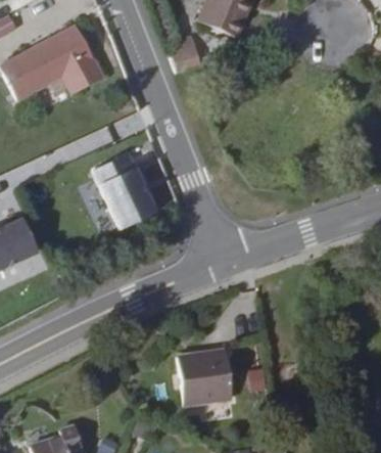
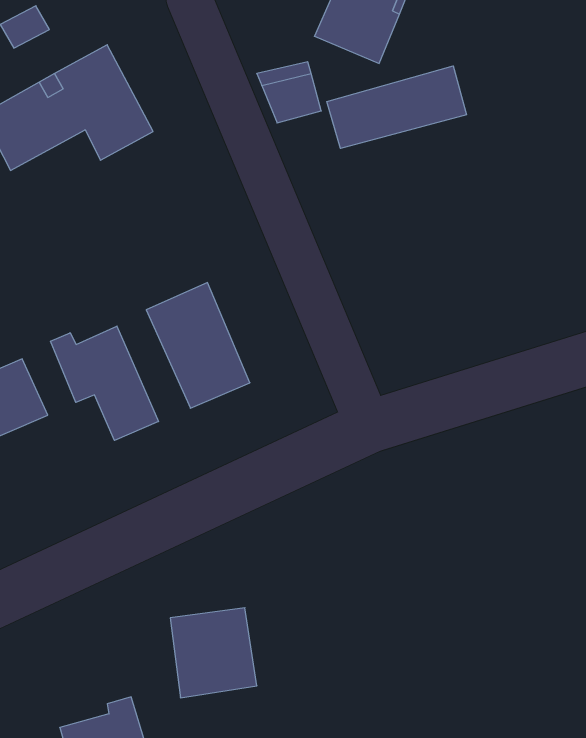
building: none -> [327,66,466,148]
building: none -> [50,326,158,440]
building: [191,343,243,397] -> [170,608,257,698]

